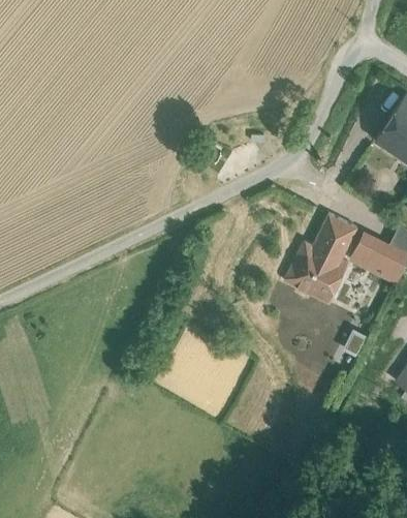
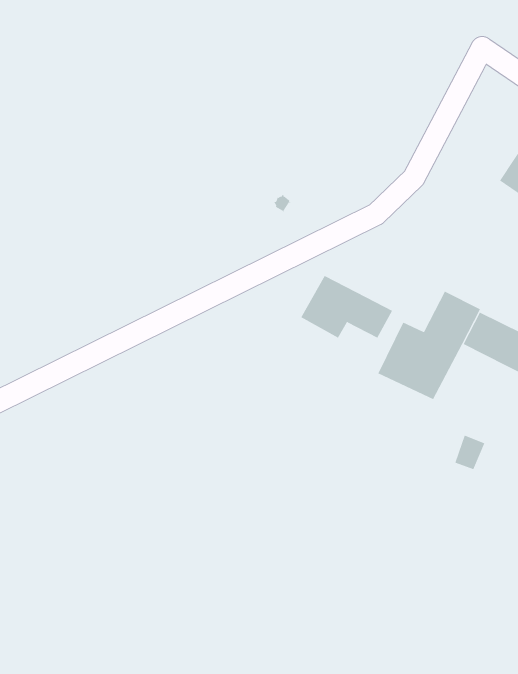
building: none -> [301,275,393,339]

